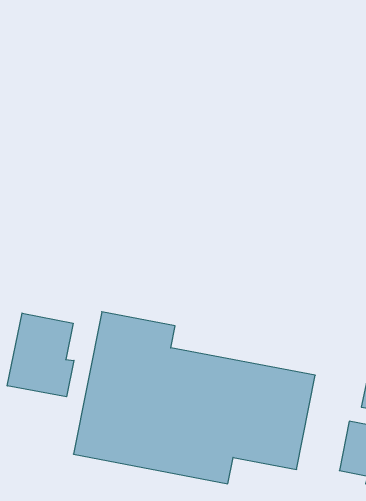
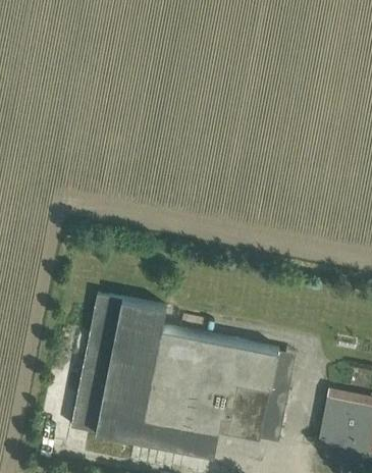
building: [7,313,74,397] -> none

